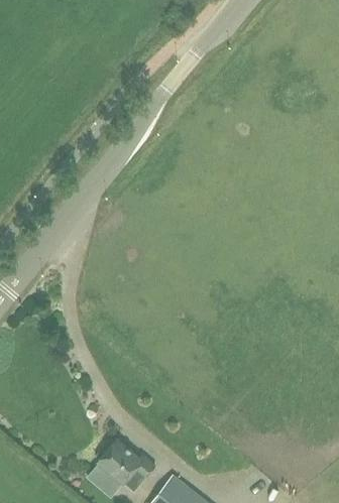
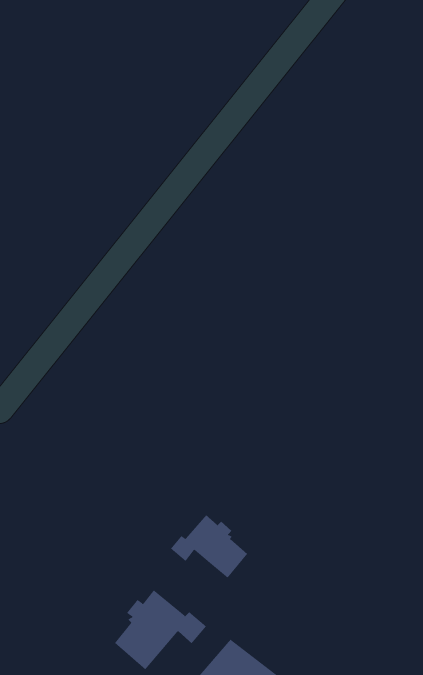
building: none -> [170,514,248,579]

